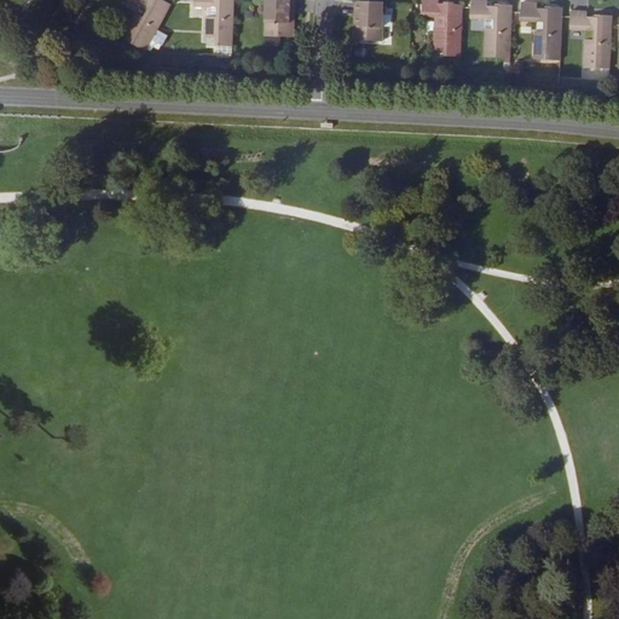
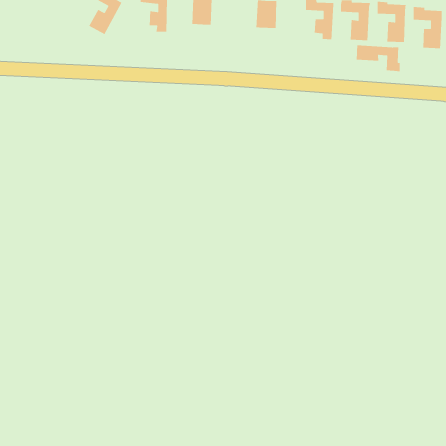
building: none -> [356,45,401,72]

